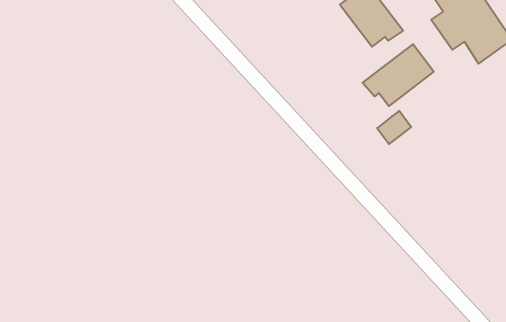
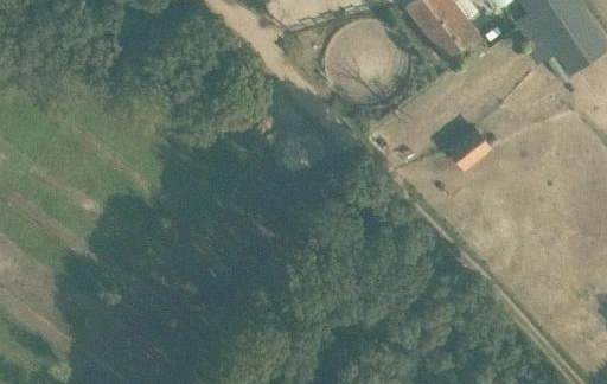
building: [363,44,434,106] -> none

